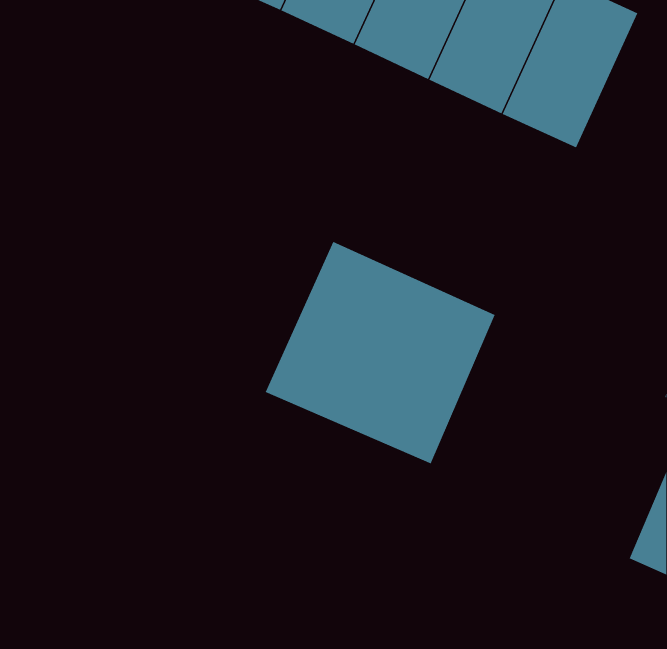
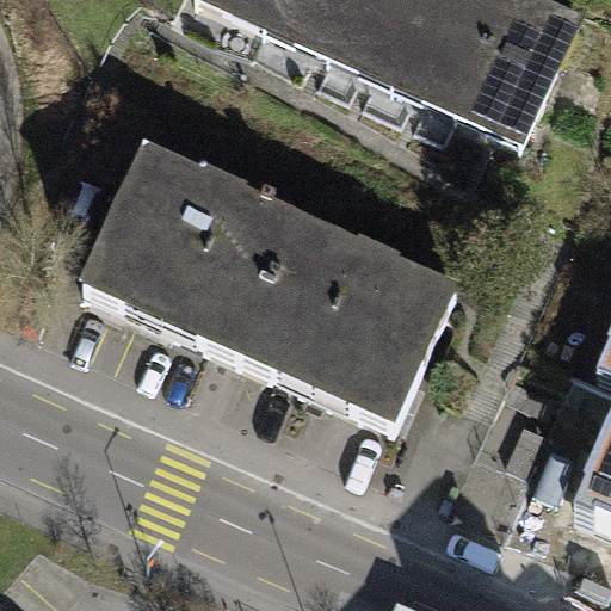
building: none -> [86,150,303,357]

